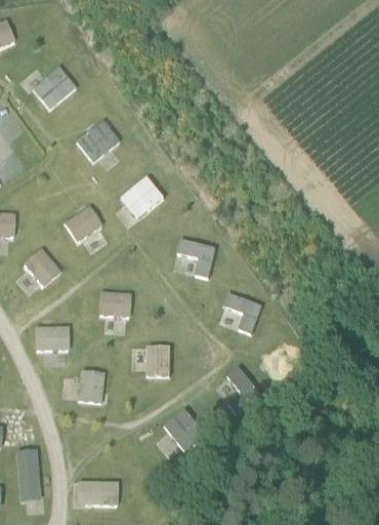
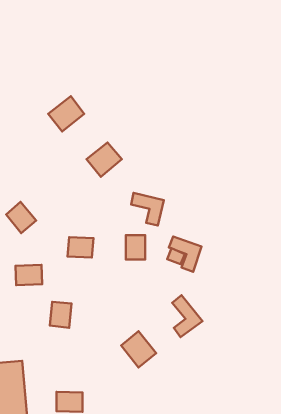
building: [32,68,75,110] -> none
building: [64,205,100,241] -> none
building: [146,346,170,375] -> [126,235,145,259]

